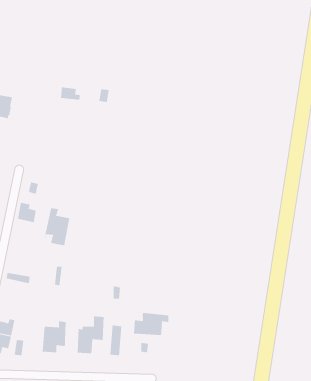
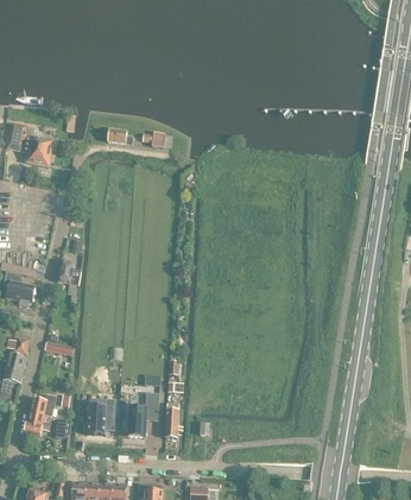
building: [44,208,70,246] -> none
building: [134,312,169,336] -> none

